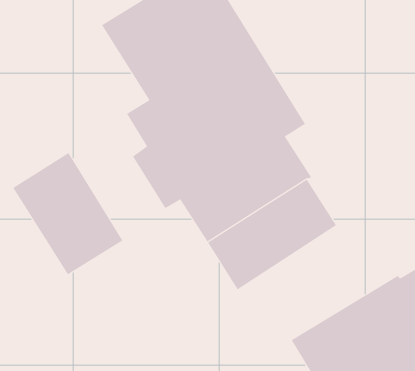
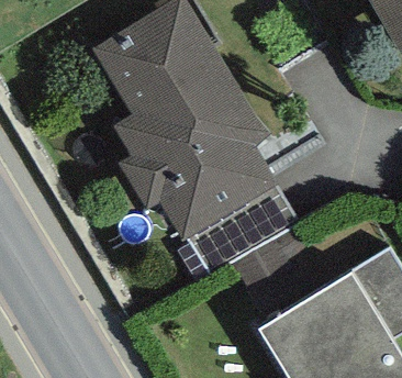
building: [12,152,123,275] -> none

